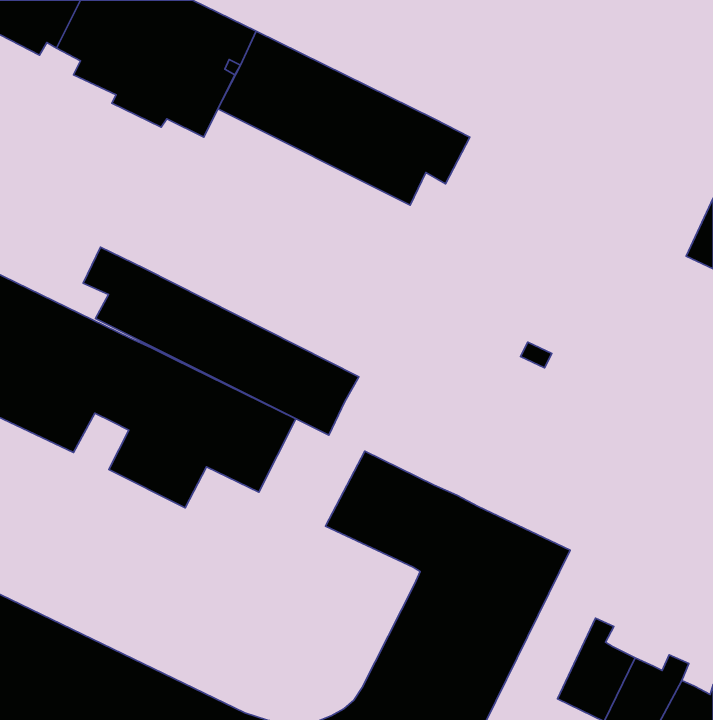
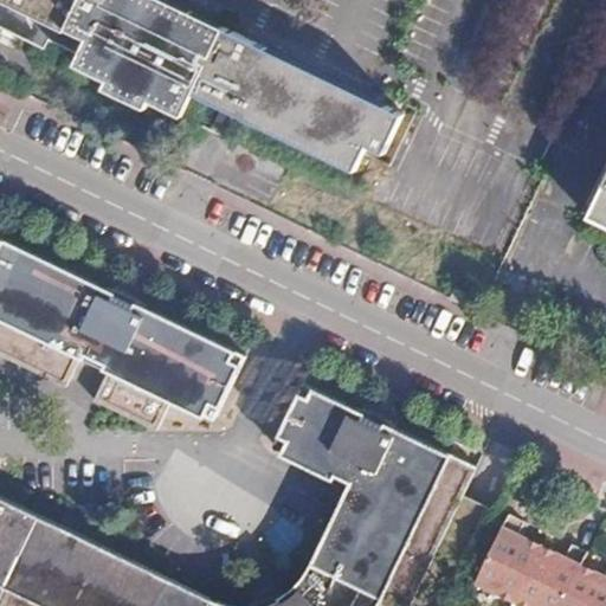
building: [83,247,359,435] -> none

